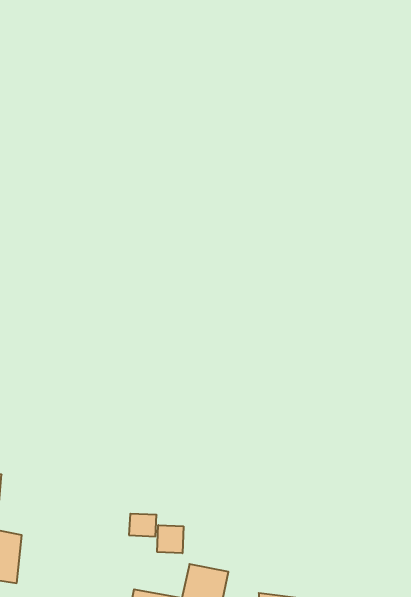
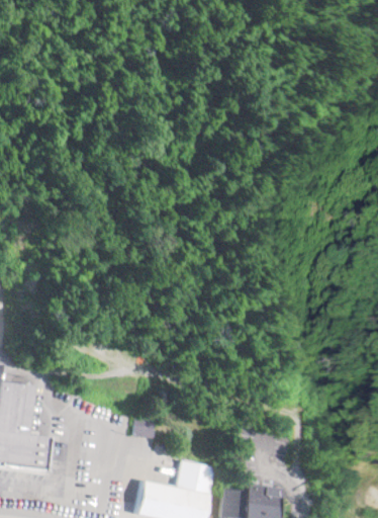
building: [157,525,183,553] -> none

